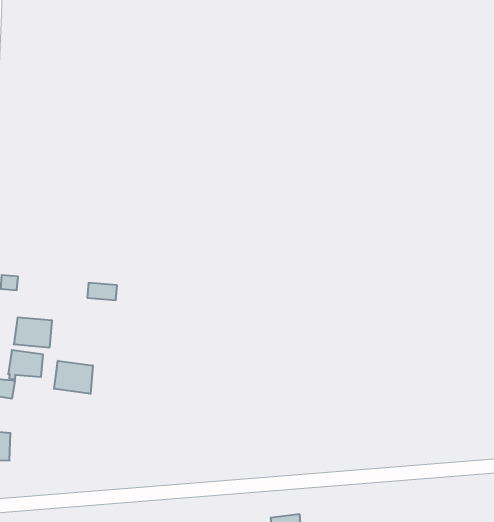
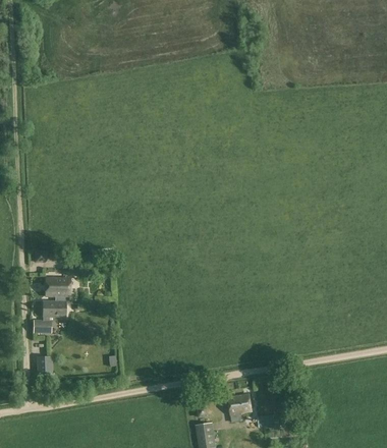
building: [54,361,93,394] -> none

